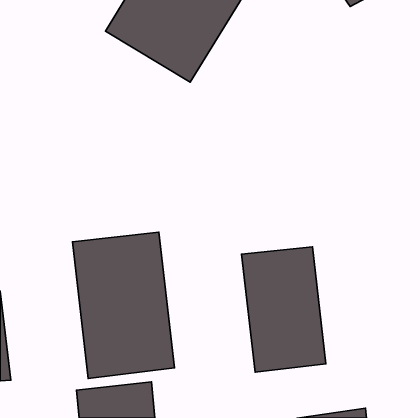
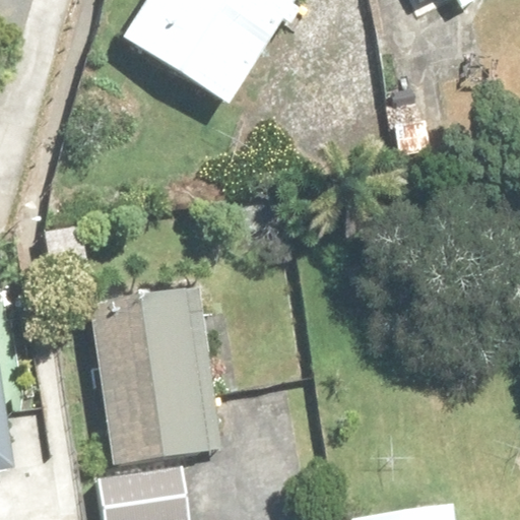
building: [242,247,326,372] -> none

